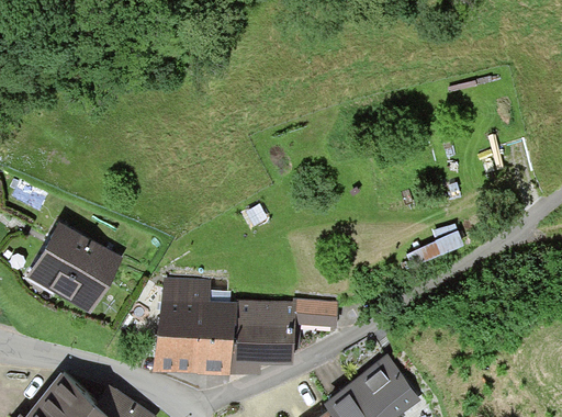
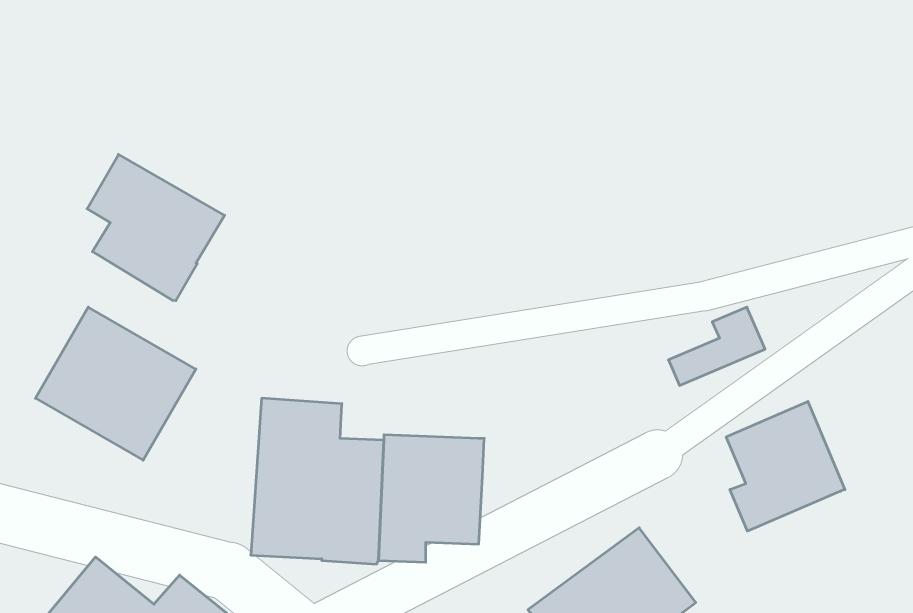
building: none -> [87,154,225,301]
building: none -> [726,401,845,531]
building: [292,297,337,326] -> none

